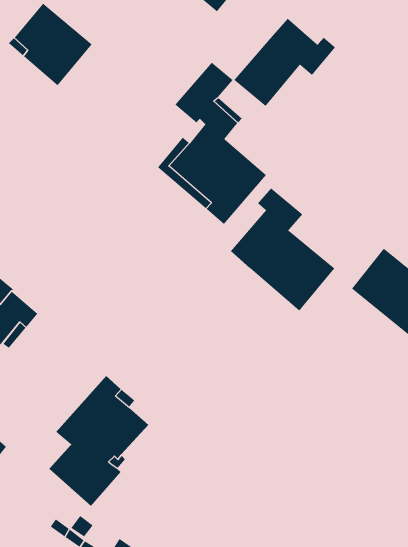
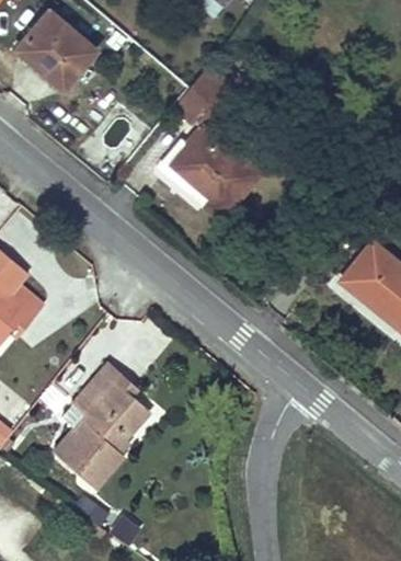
building: [233,18,336,107] -> none
building: [230,187,335,312] -> none

